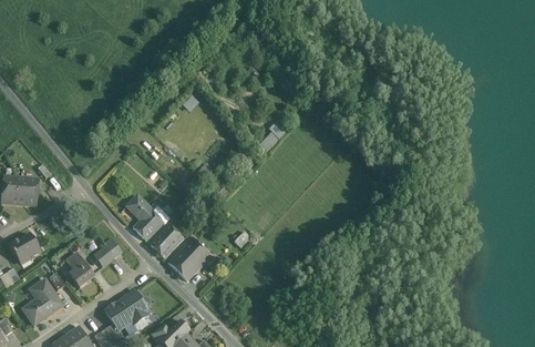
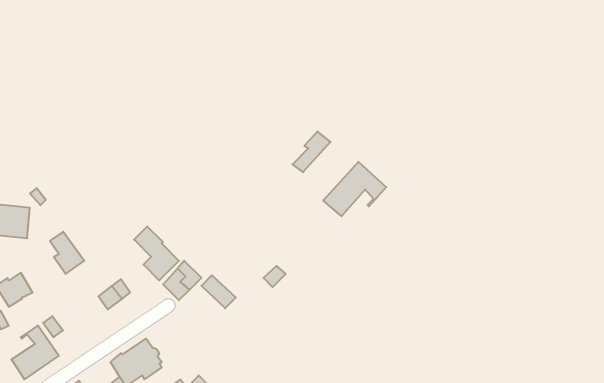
building: none -> [323,162,386,216]
building: [167,245,202,279] -> none
building: [66,252,95,287] -> [50,232,84,274]

